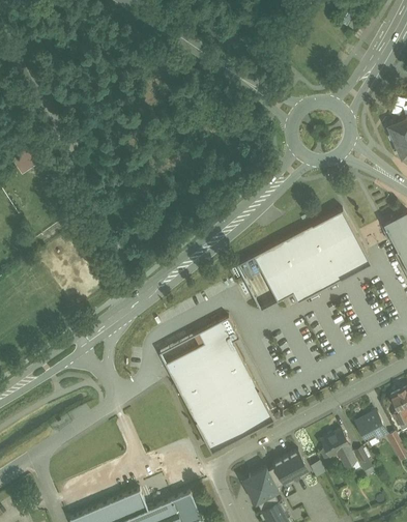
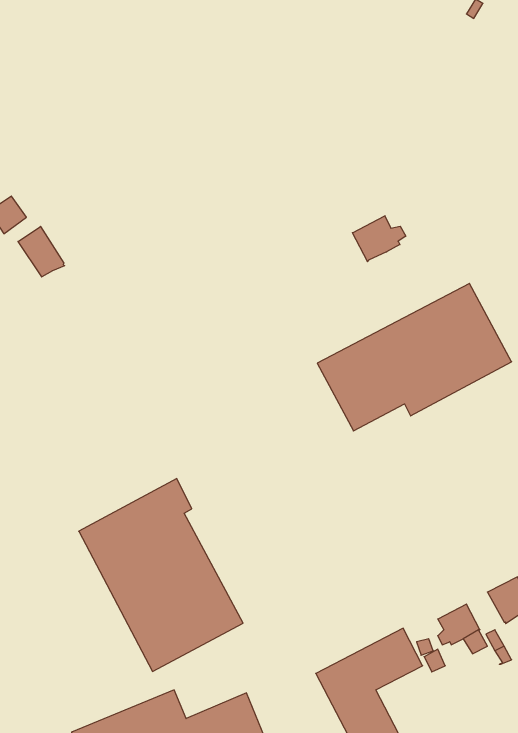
building: none -> [352,216,406,262]
building: none -> [18,226,65,277]
building: [164,317,277,450] -> [79,479,243,671]

